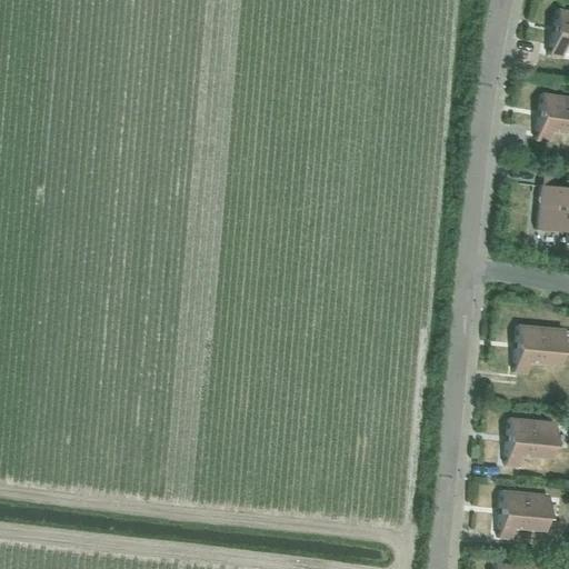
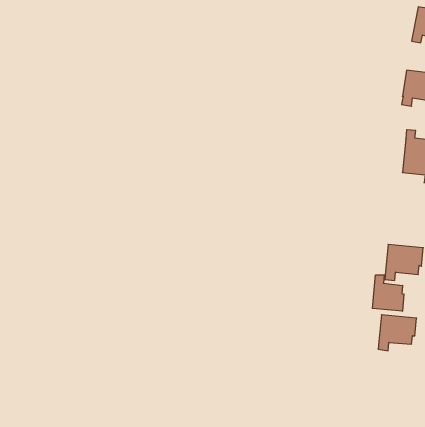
building: none -> [372,275,404,311]
building: [499,490,550,538] -> none

